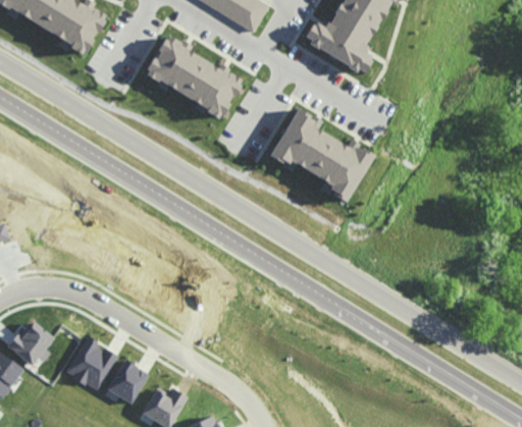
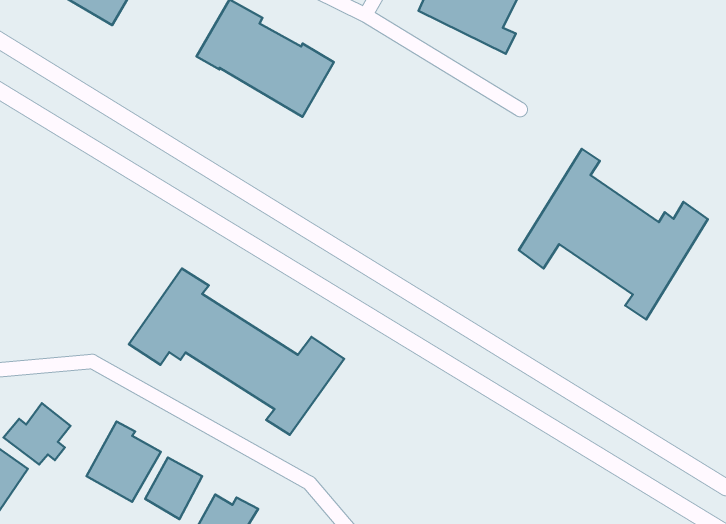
building: [269,108,372,197] -> none
building: none -> [519,149,708,319]
building: none -> [129,269,344,435]

